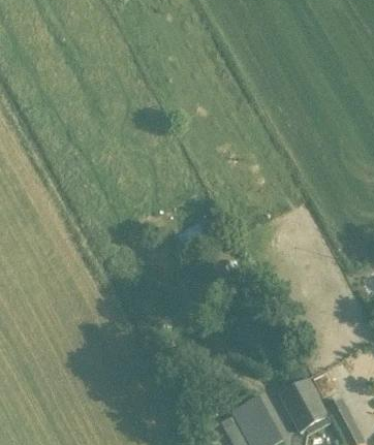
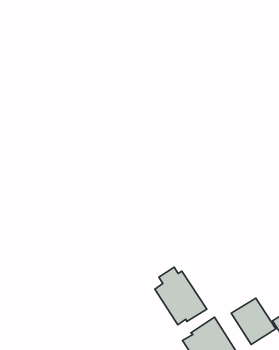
building: none -> [155,267,207,325]

